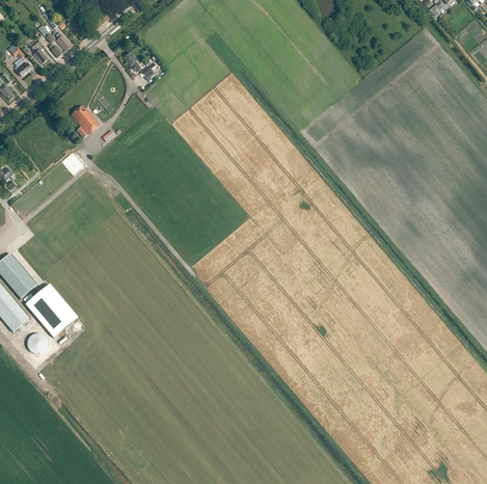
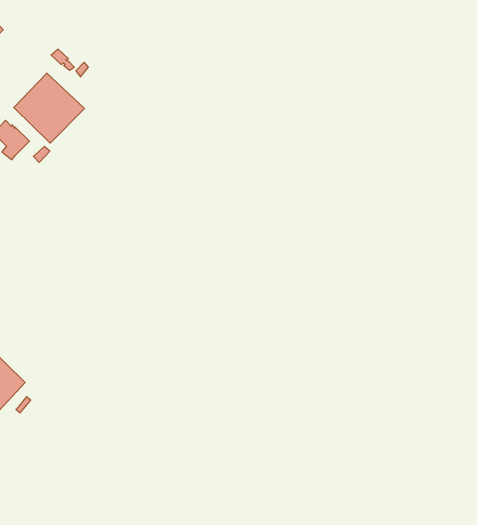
building: none -> [14,73,84,143]

